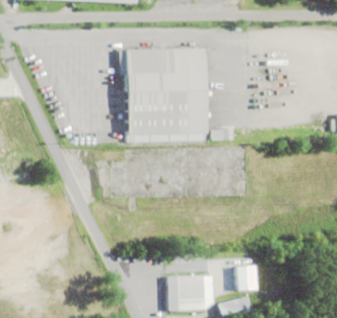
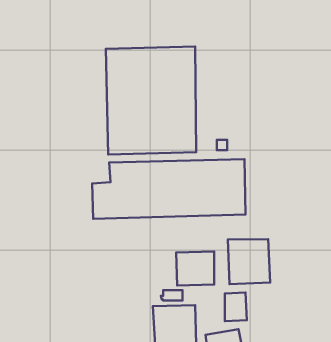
building: none -> [228,239,270,284]
building: none -> [176,251,214,286]

